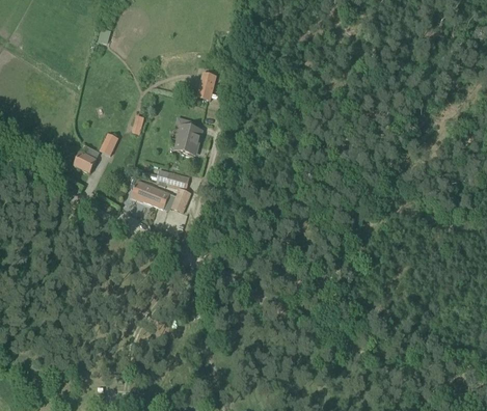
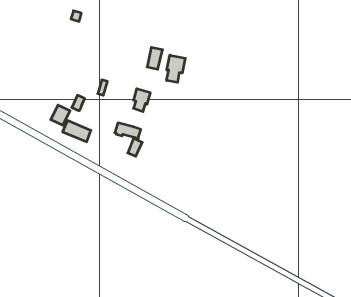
building: none -> [167,55,185,82]
building: [131,181,167,208] -> [63,121,91,142]

